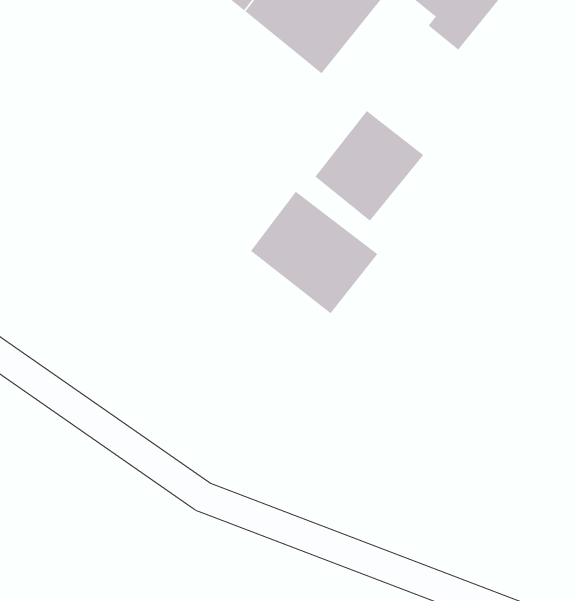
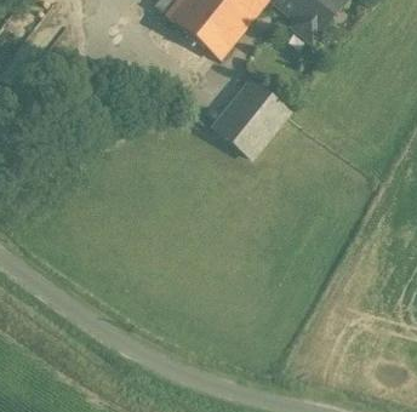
building: [250,191,378,314] -> none

